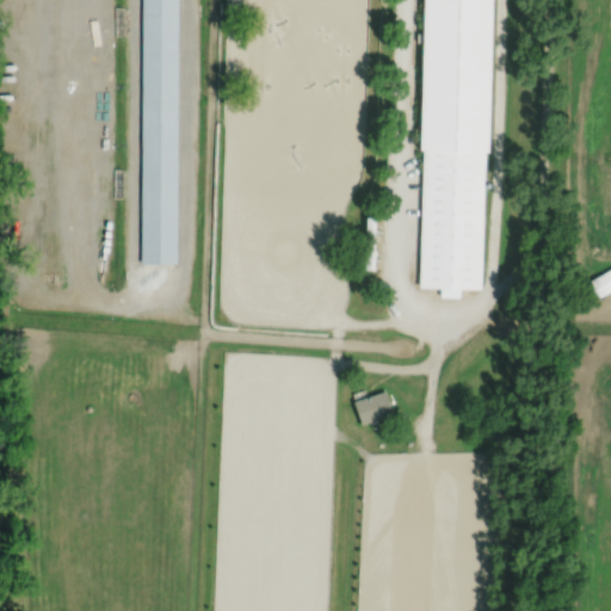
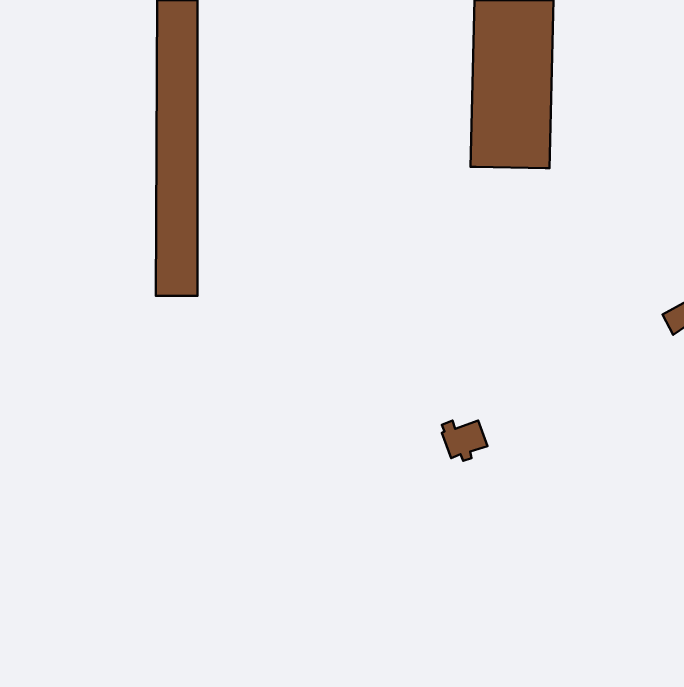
building: [420,148,487,288] -> none
building: [354,390,395,426] -> [442,421,488,461]

